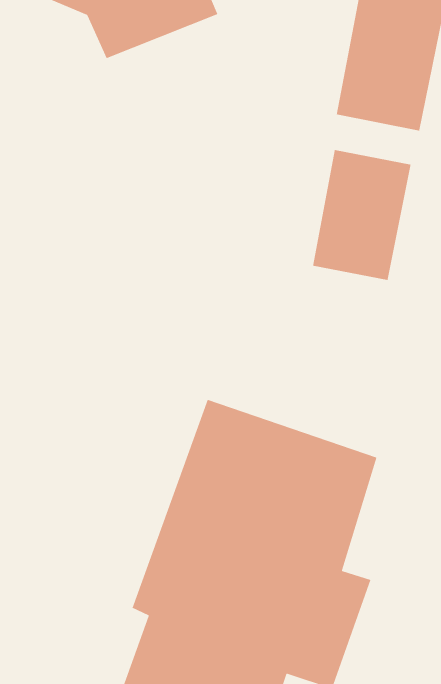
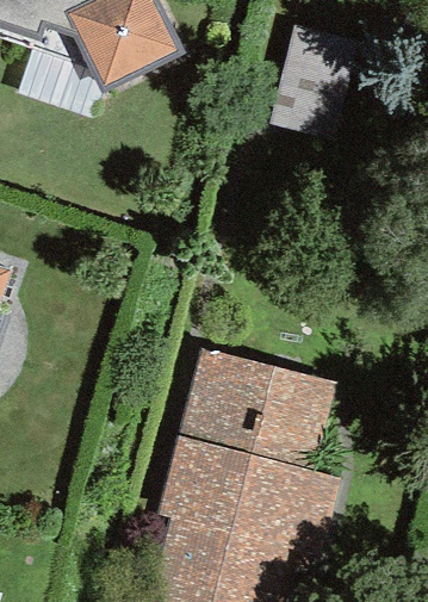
building: [312,149,411,281] -> none

